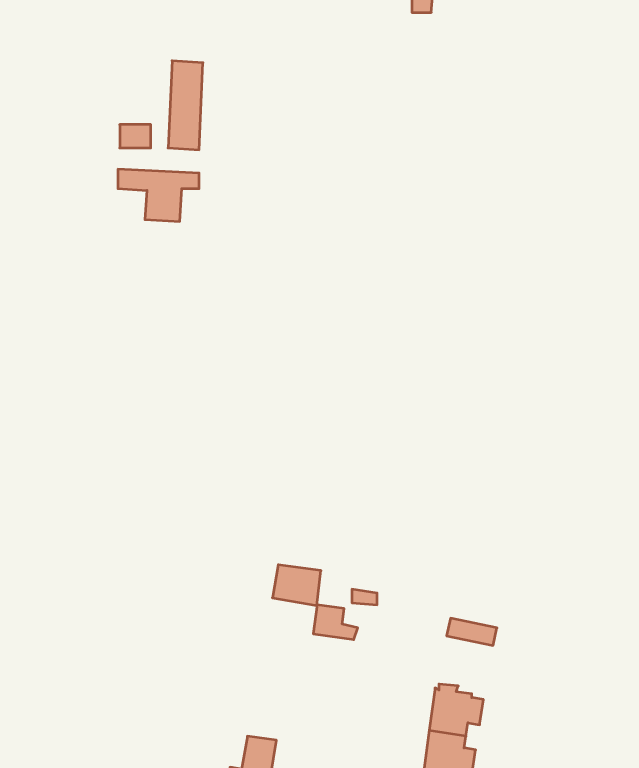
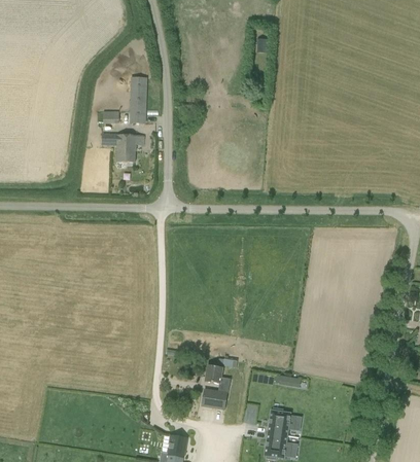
building: [272,565,321,605] -> [201,389,226,411]

